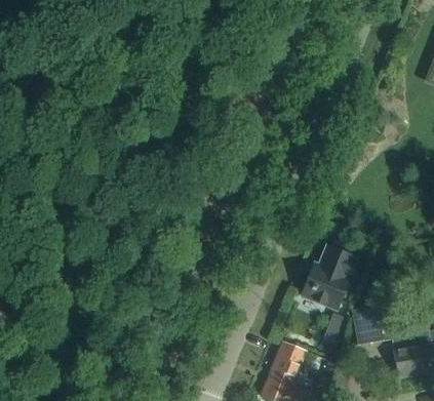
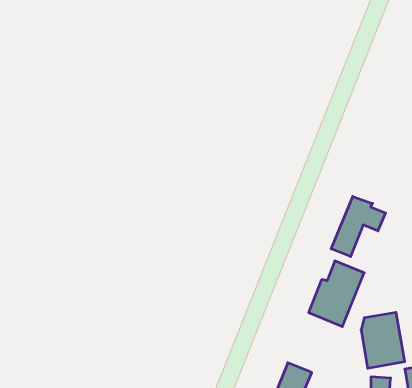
building: none -> [331,196,386,257]

